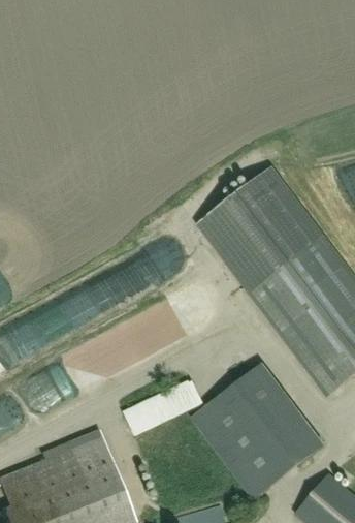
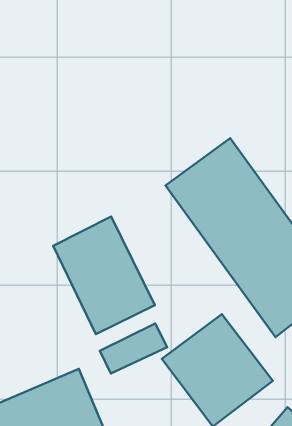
building: none -> [53,216,155,334]

